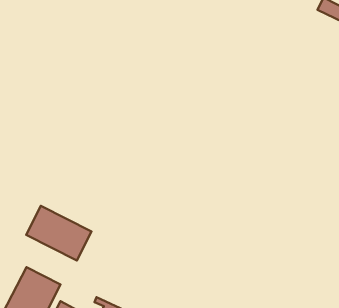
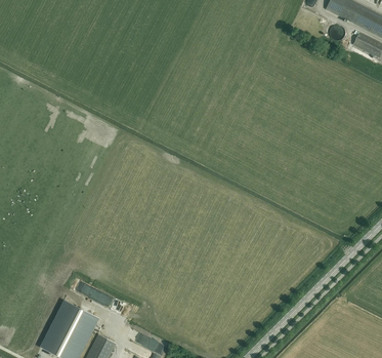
building: [26,206,91,261] -> none

